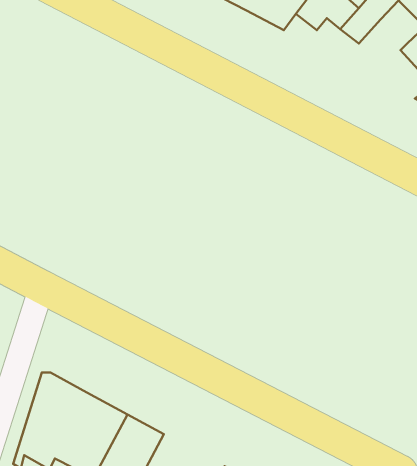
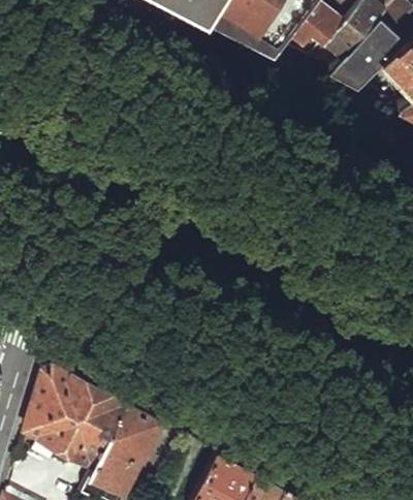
building: none -> [325,39,386,93]

